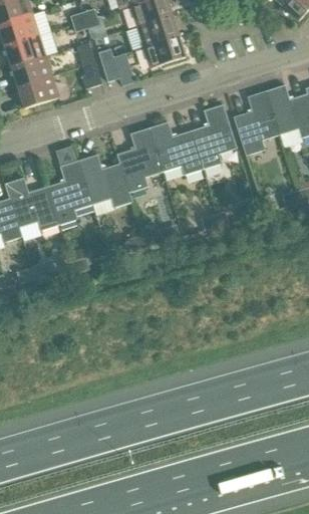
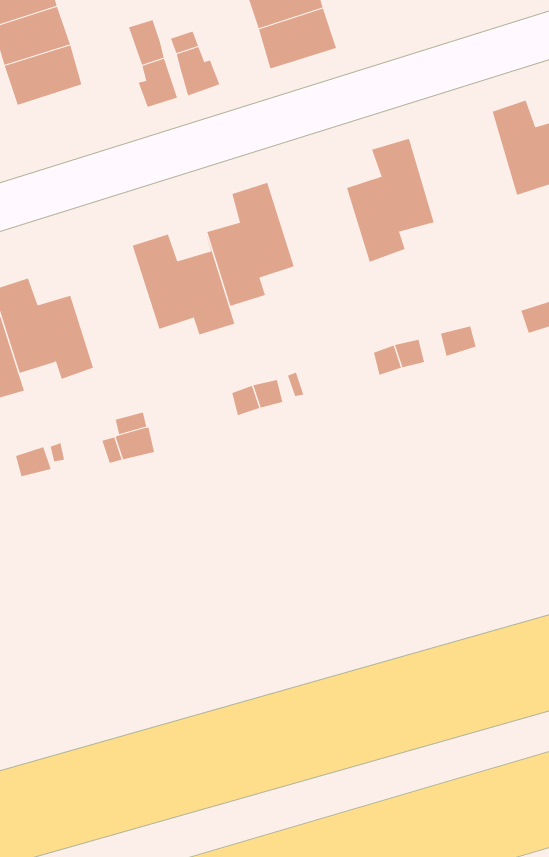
building: [18,76,59,108] -> none
building: [234,90,280,156] -> none
building: [149,121,203,176] -> none
building: [46,161,92,225] -> none

